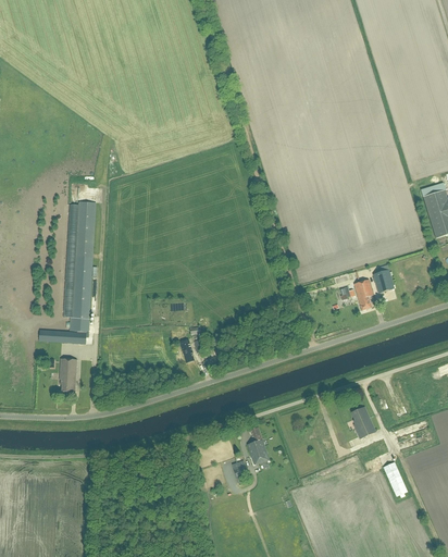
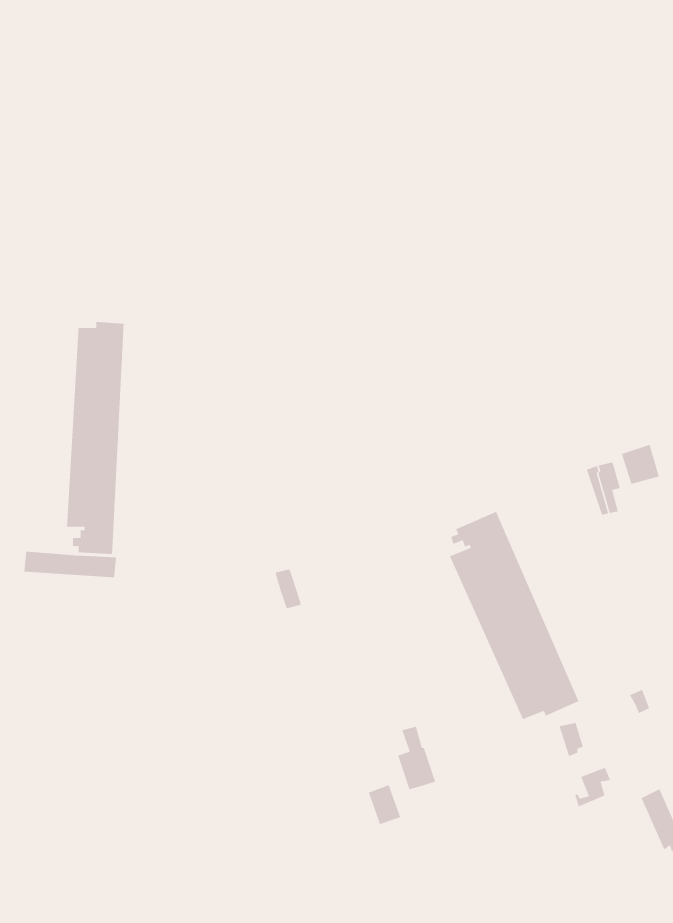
building: none -> [449,511,579,720]
building: [60,358,77,392] -> none
building: [351,407,376,438] -> none

